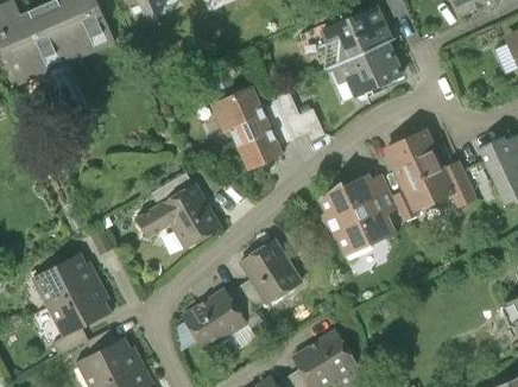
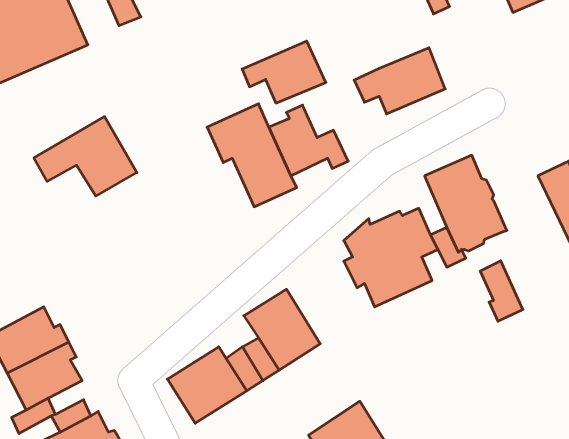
building: [322,11,390,61] -> [242,41,326,103]
building: [442,159,476,208] -> [480,261,523,321]
building: [138,184,221,248] -> [34,117,137,196]

